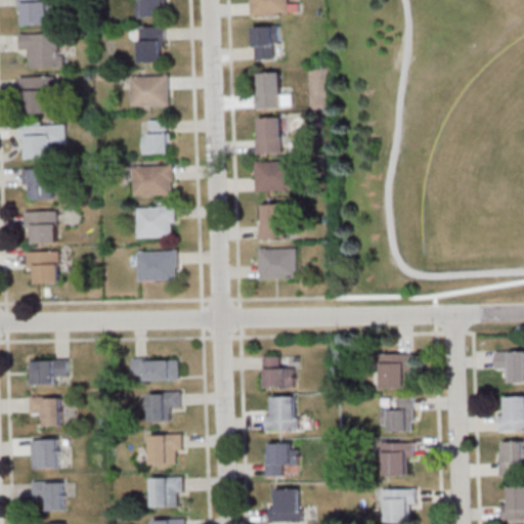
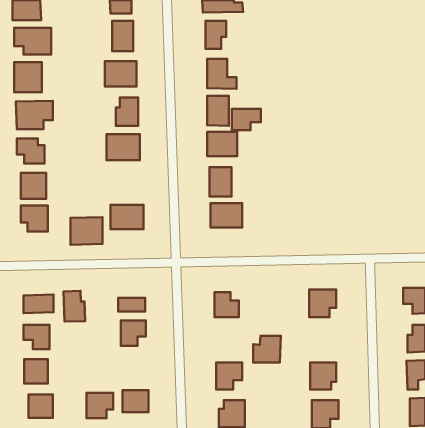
building: none -> [232,109,261,130]
building: [134,205,173,238] -> [71,217,102,245]
building: none -> [64,291,85,322]
building: [264,397,298,430] -> [253,336,281,363]
building: [380,398,410,432] -> none
building: [147,434,180,465] -> [86,393,113,418]

